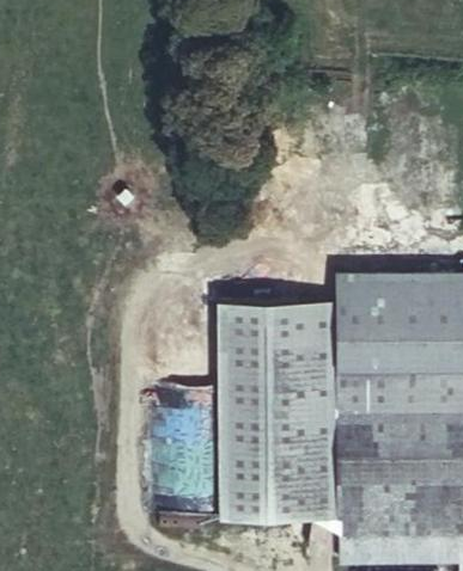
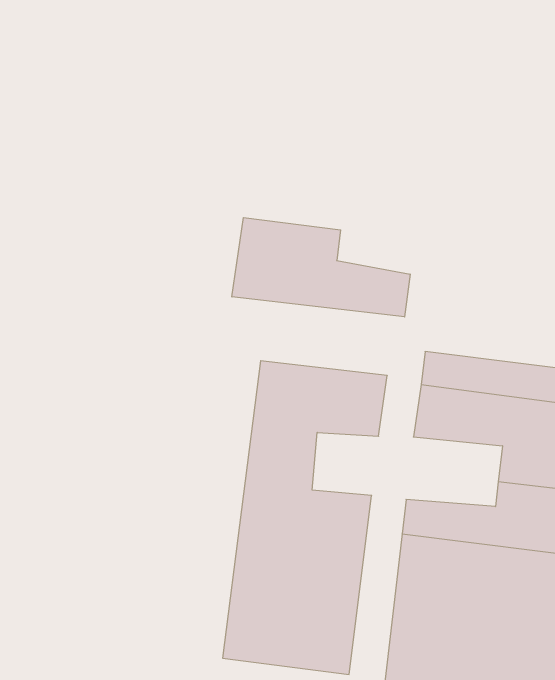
building: none -> [232,218,410,317]
building: [339,345,403,392] -> none
building: [269,349,313,393] -> none

